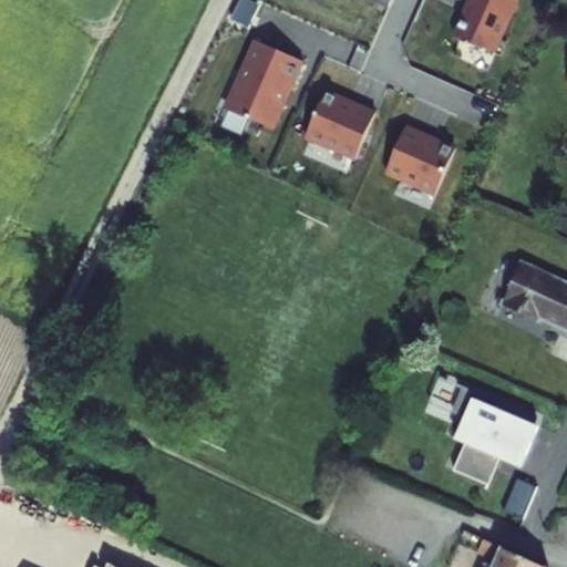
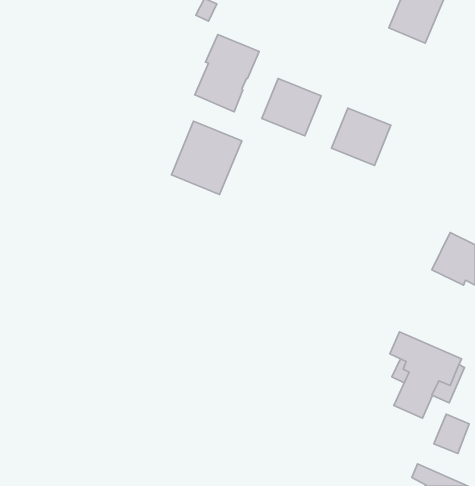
building: none -> [171,121,242,194]

